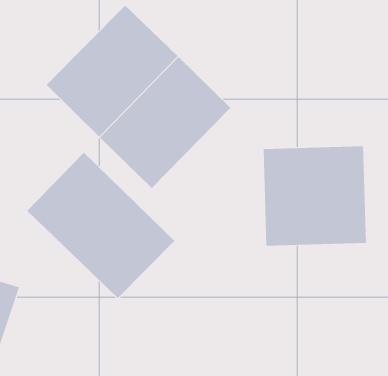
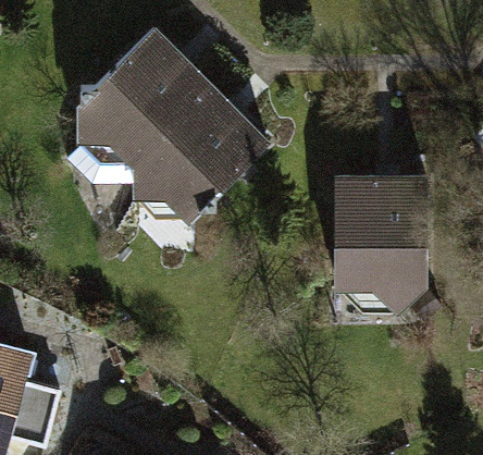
building: [26,152,175,299] -> none

